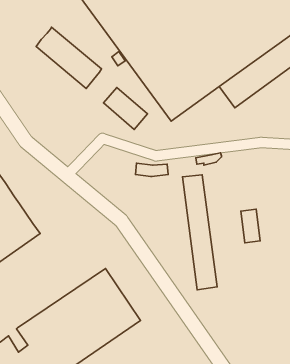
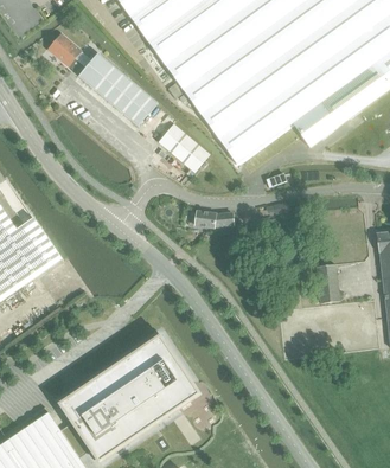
building: none -> [51,34,94,71]
building: [182,175,217,290] -> none

